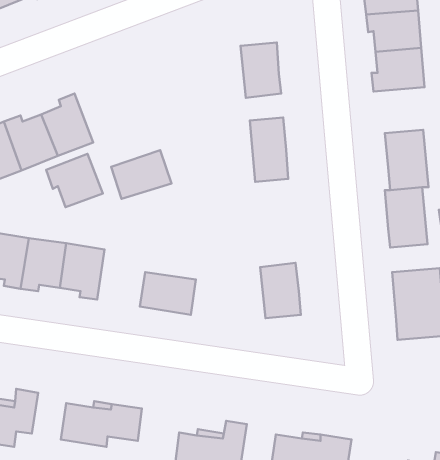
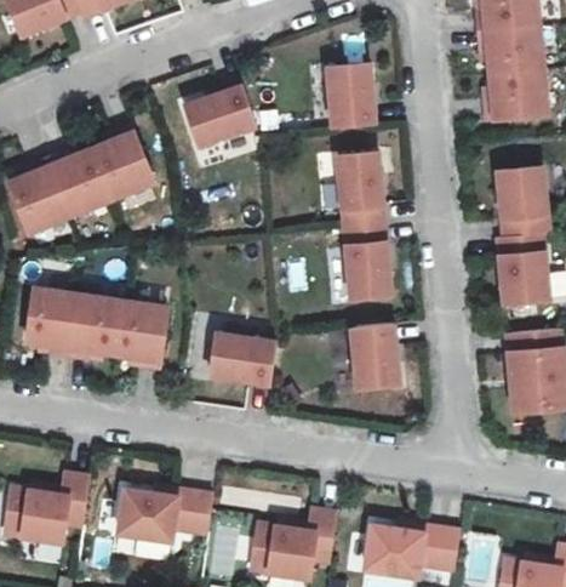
building: [111,150,171,199] -> [187,89,257,146]
building: [46,154,103,207] -> none
building: none -> [344,226,389,301]

